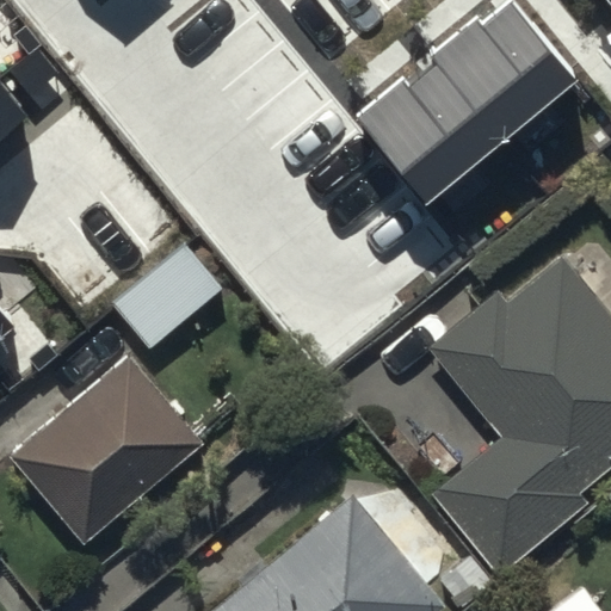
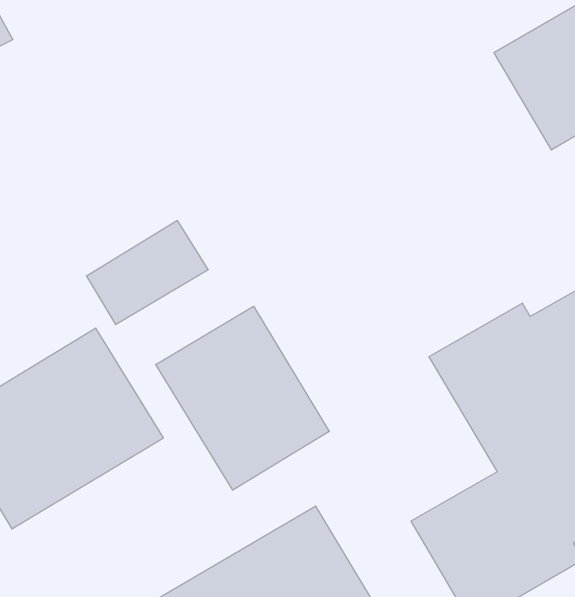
building: [366,68,501,203] -> none
building: none -> [156,306,329,490]

